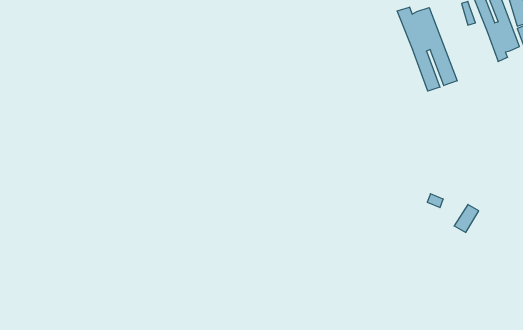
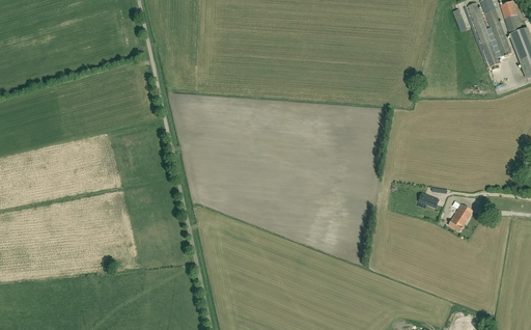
building: [397,7,457,91] -> none

